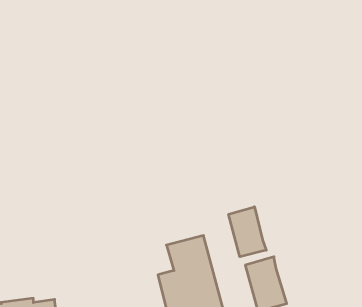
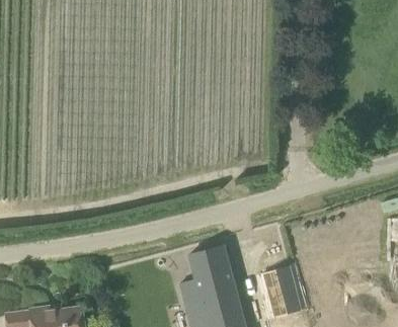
building: [229,207,266,257] -> none

